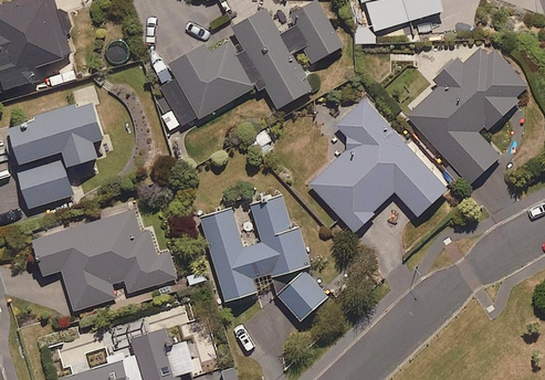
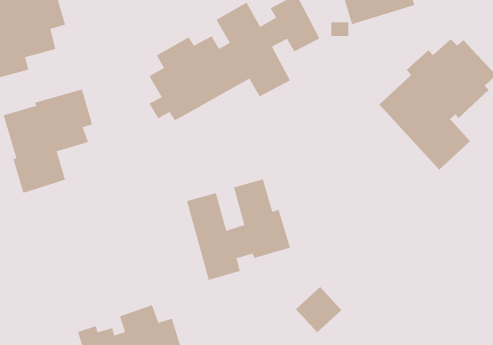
building: [310,99,447,234] -> none
building: [31,209,177,309] -> none
building: [276,271,326,320] -> [295,286,342,333]

